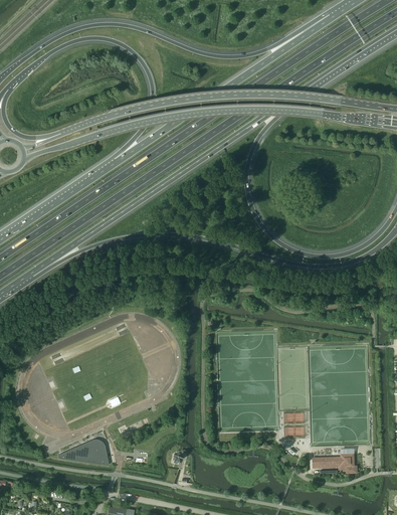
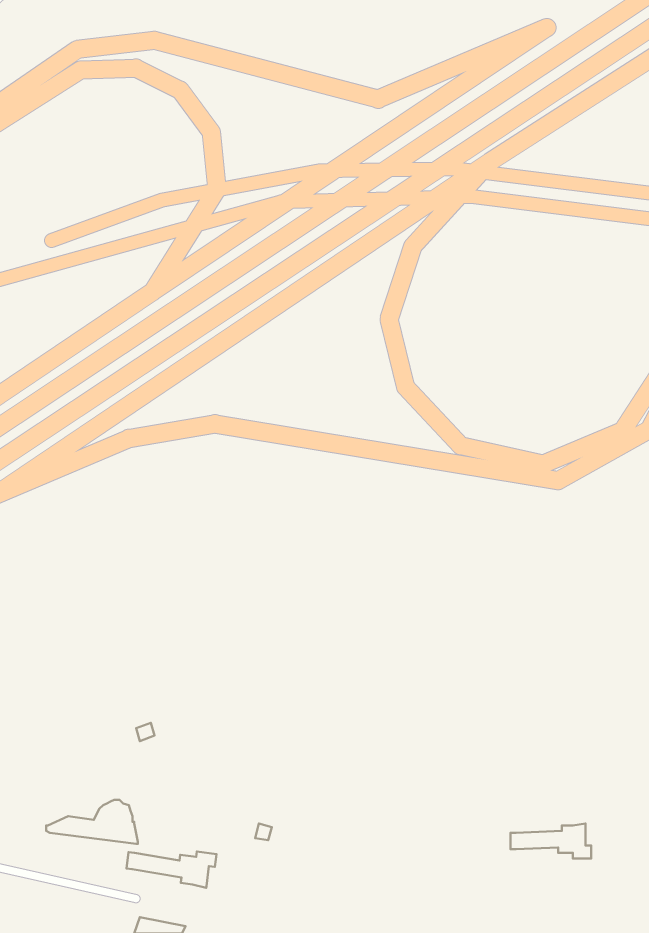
building: none -> [126,852,217,888]

